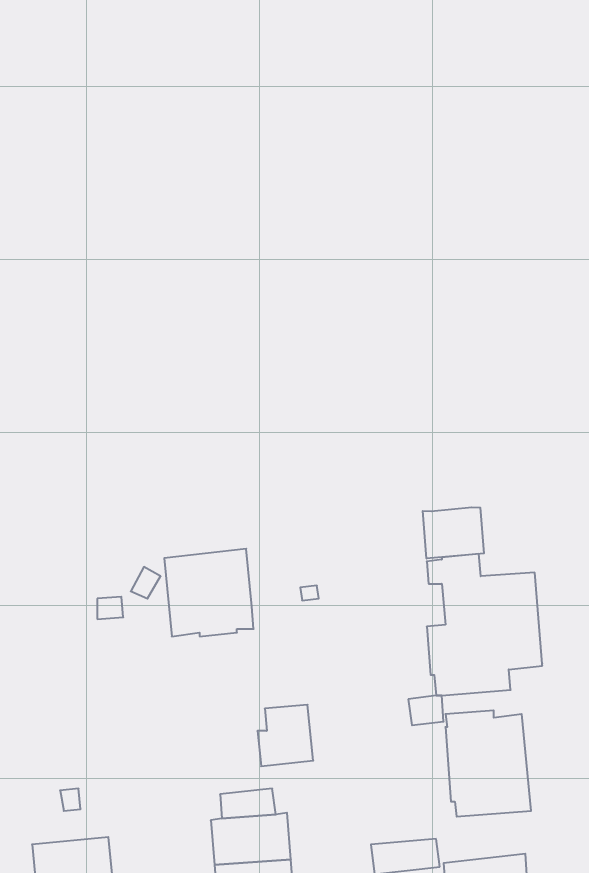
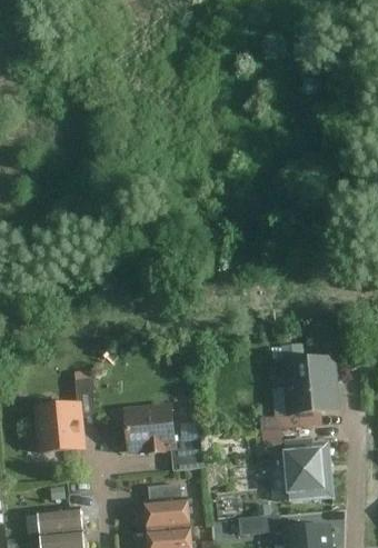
building: [423,507,484,559] -> none
building: [164,549,254,636] -> [122,401,176,454]
building: none -> [32,400,84,454]

